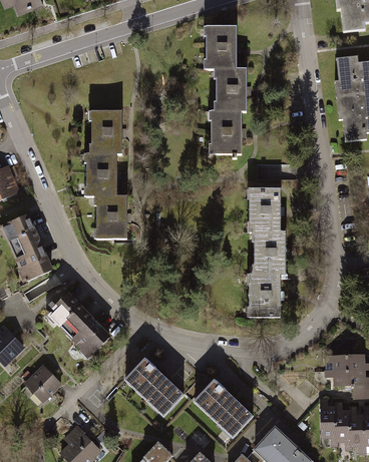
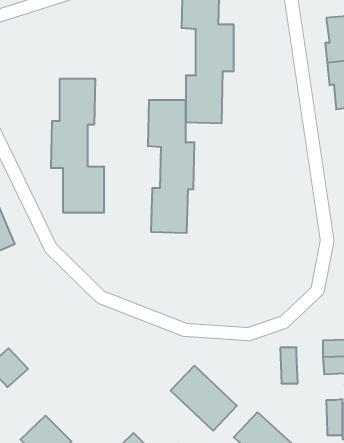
building: [246,193,289,316] -> [148,100,195,233]
building: [45,292,111,359] -> none
building: [124,360,183,418] -> none
building: [321,407,337,440] -> [280,348,298,383]

